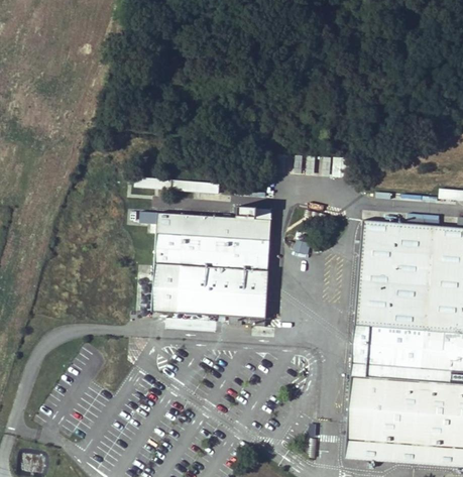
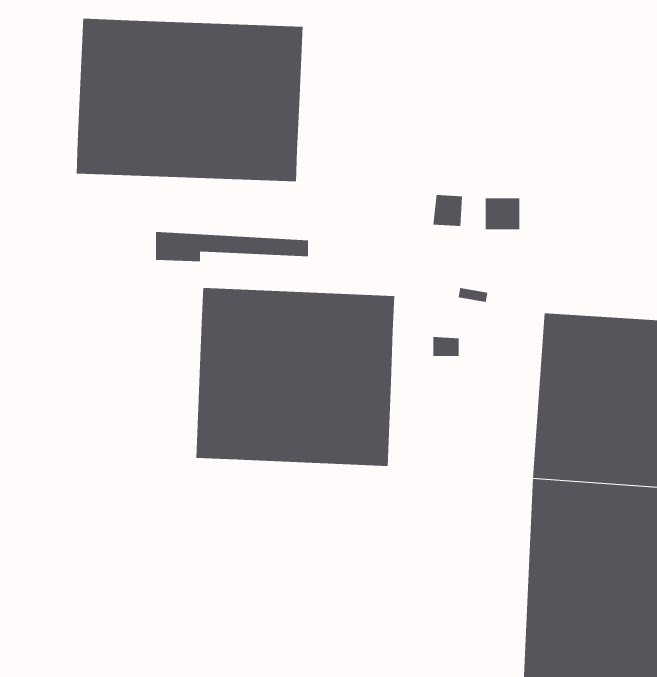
building: none -> [76,18,303,182]

